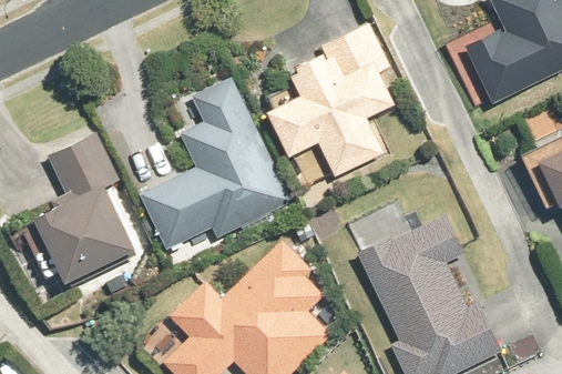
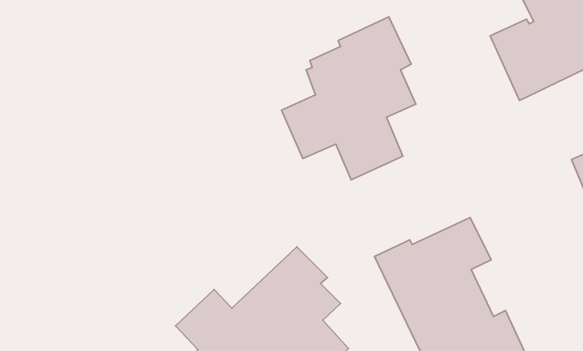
building: [139,74,293,250] -> none
building: [24,135,134,283] -> none

